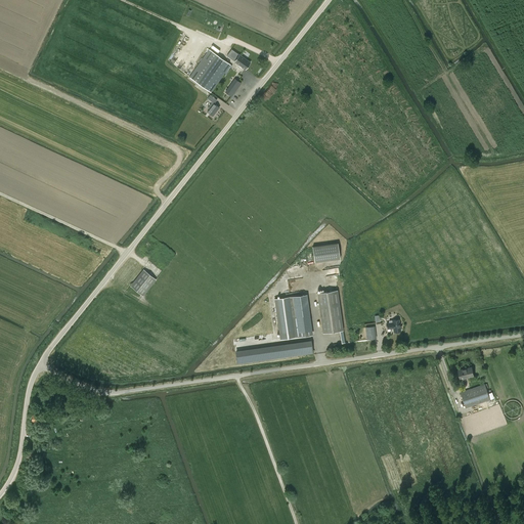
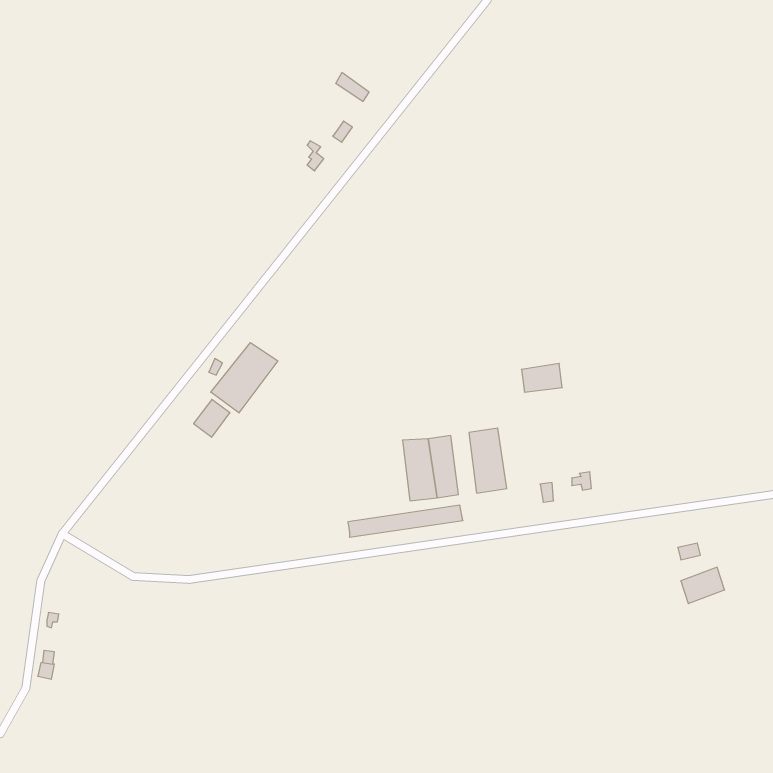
building: [189,49,230,92] -> none
building: none -> [211,343,278,413]
building: [312,243,340,262] -> [521,363,562,392]

